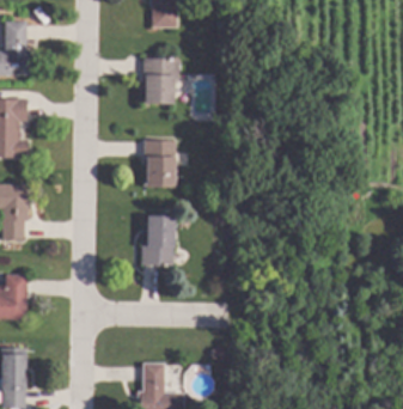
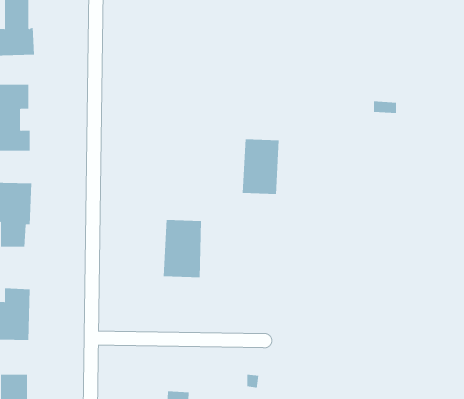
building: [144,57,179,103] -> none
building: [144,140,176,188] -> [242,139,280,194]

